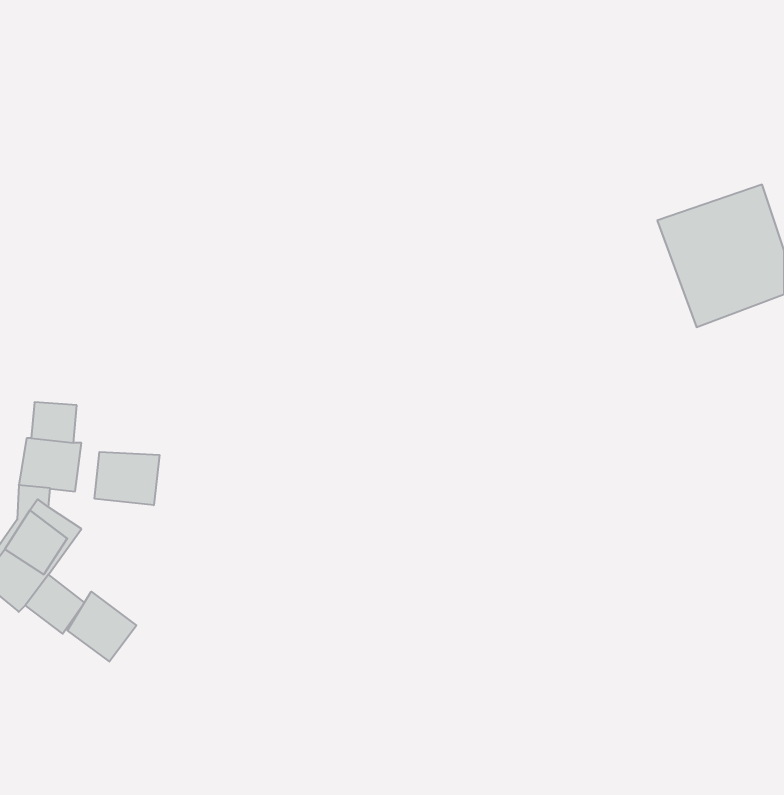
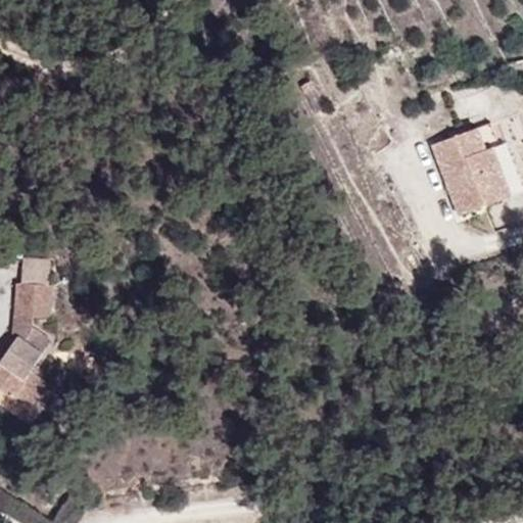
building: [95,452,159,505] -> none
building: [67,592,136,662] -> none

